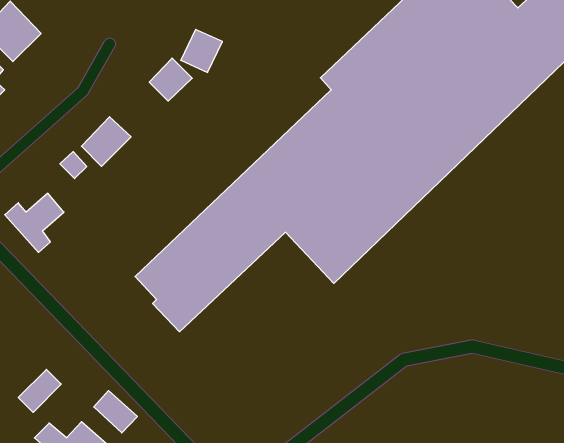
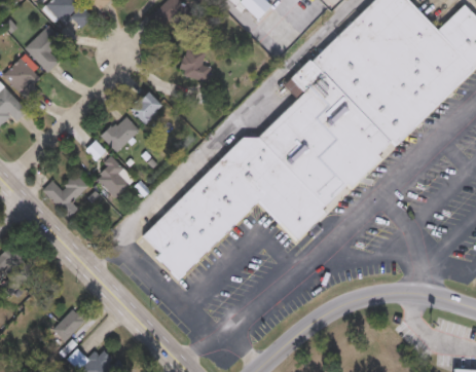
building: [149,58,192,101] -> [130,91,162,124]
building: none -> [95,157,127,196]
building: [94,391,137,433] -> none

